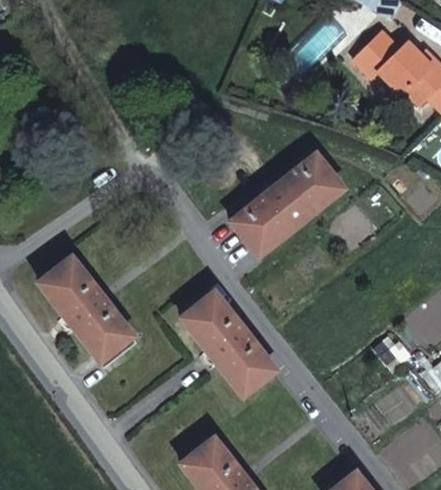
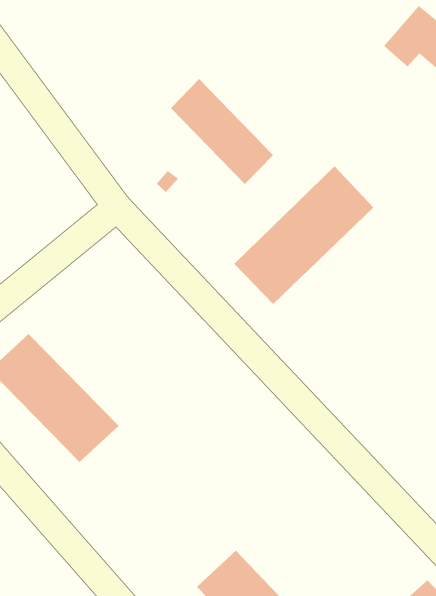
building: none -> [170,78,274,185]
building: [182,292,275,395] -> none

